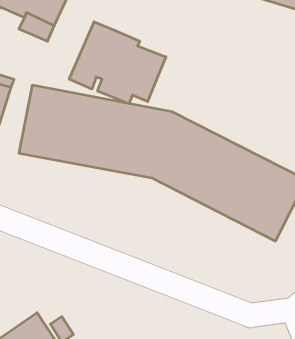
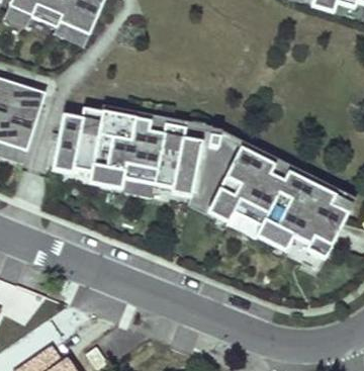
building: [69,22,166,104] -> none

